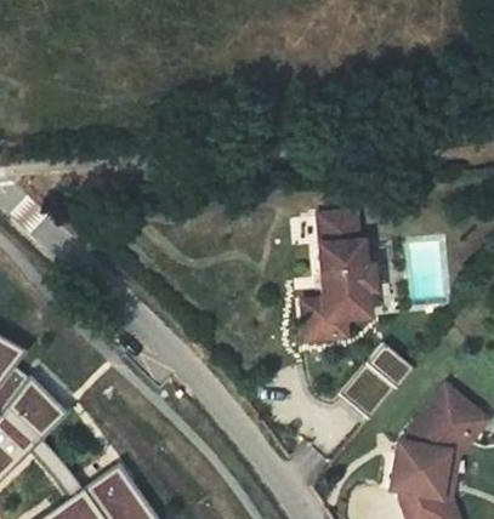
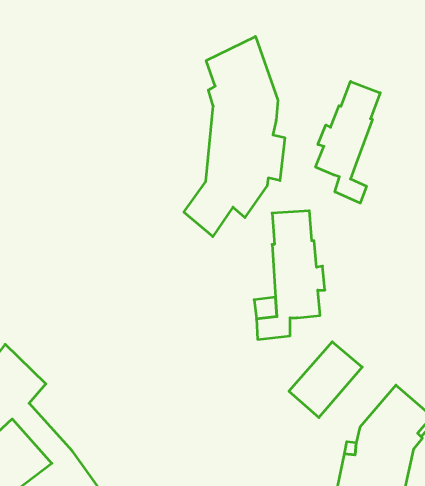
building: none -> [184,36,285,237]
building: none -> [316,81,380,203]

